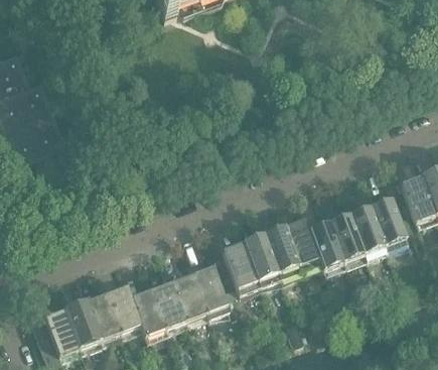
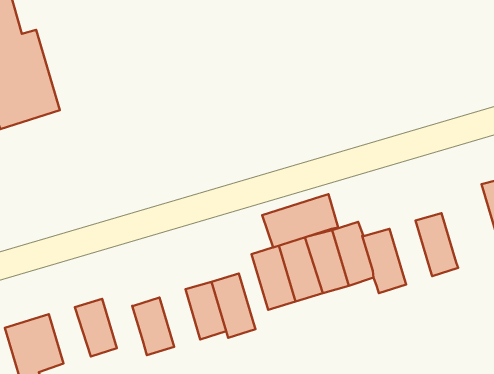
building: none -> [262,194,338,247]
building: [371,196,408,246] -> none
building: [330,211,364,257] -> none
building: [152,277,186,324] -> none
building: [107,281,141,328] -> none
building: [65,297,101,343] -> none

